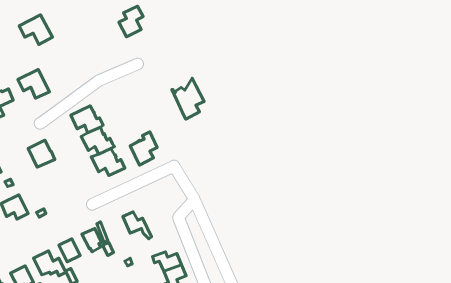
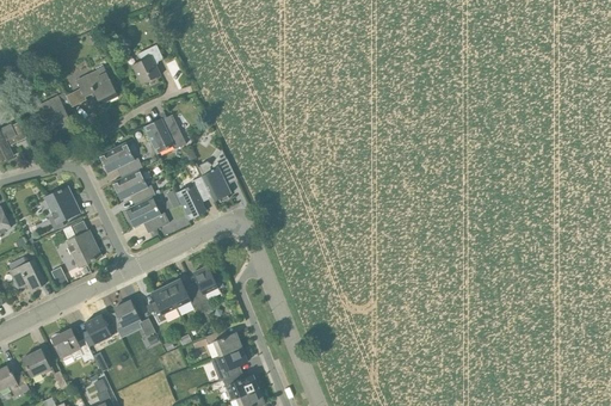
building: [119,6,143,37] -> [131,45,162,85]
building: [19,15,53,44] -> [75,67,118,105]
building: [172,78,204,119] -> [195,149,236,202]
building: none -> [143,119,185,153]
building: none -> [67,221,99,266]
building: none -> [191,265,223,312]
building: none -> [150,285,175,324]

